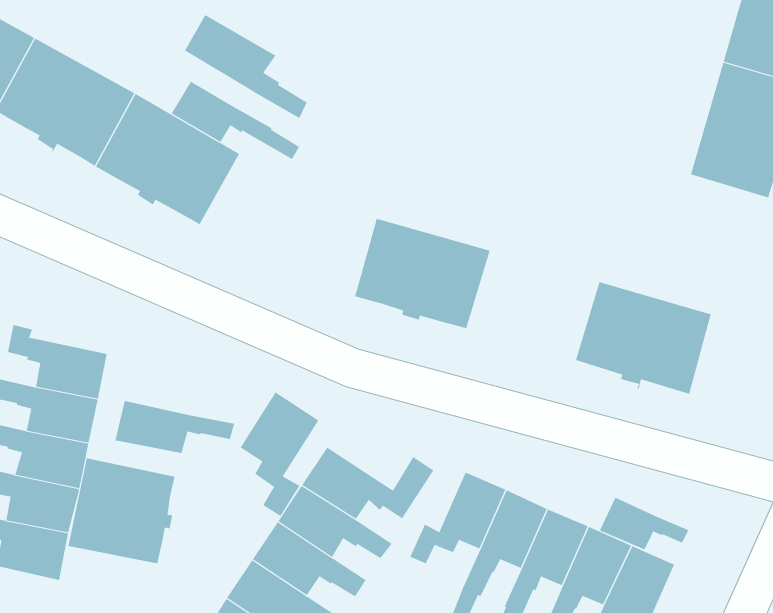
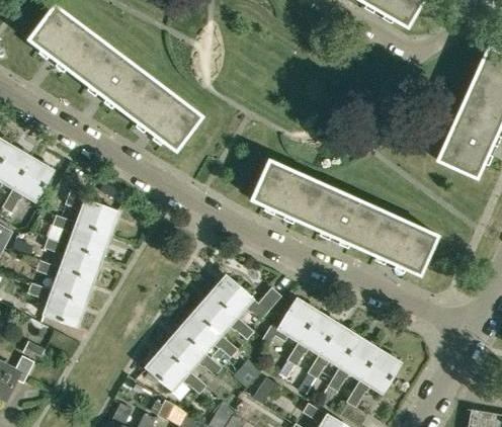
building: [184,14,307,119] -> none
building: [171,81,300,160] -> none
building: none -> [308,184,381,248]
building: [240,392,319,517] -> none
building: [115,400,235,454] -> none
building: [68,457,176,564] -> none
building: [599,497,689,550] -> none

